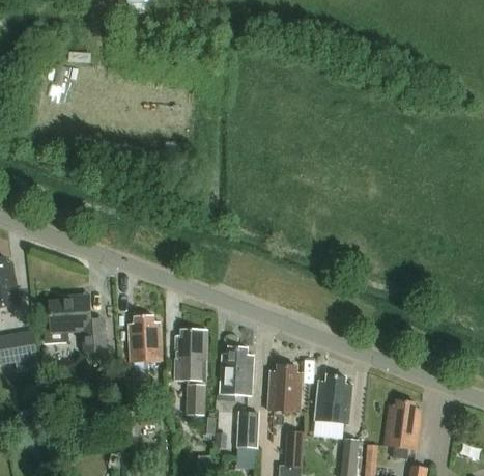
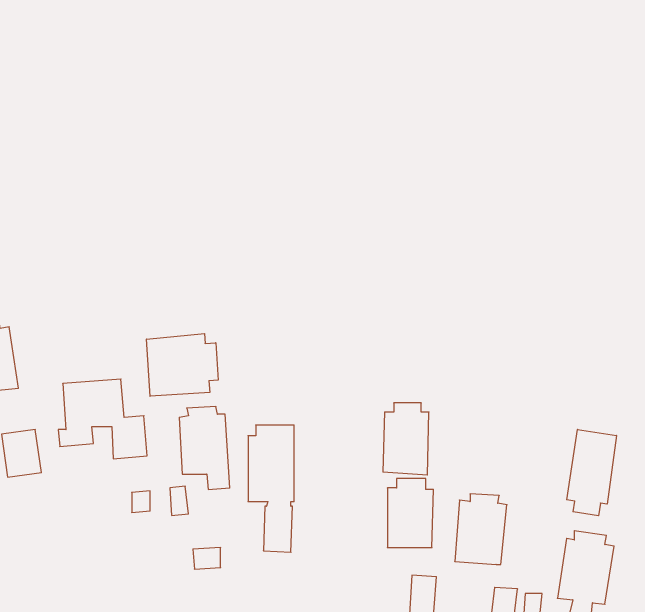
building: none -> [147,334,218,396]
building: none -> [567,429,616,516]
building: [221,347,252,396] -> [383,403,429,475]
building: [234,411,257,448] -> none

